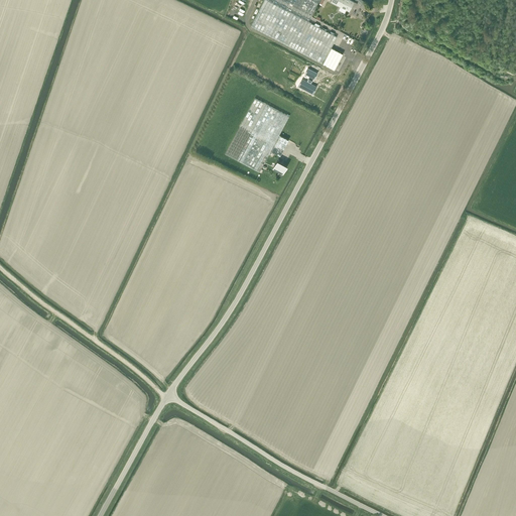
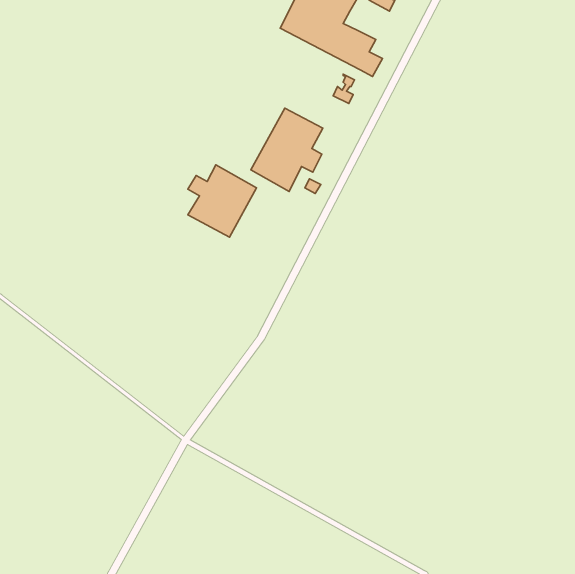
building: none -> [188,165,257,237]

